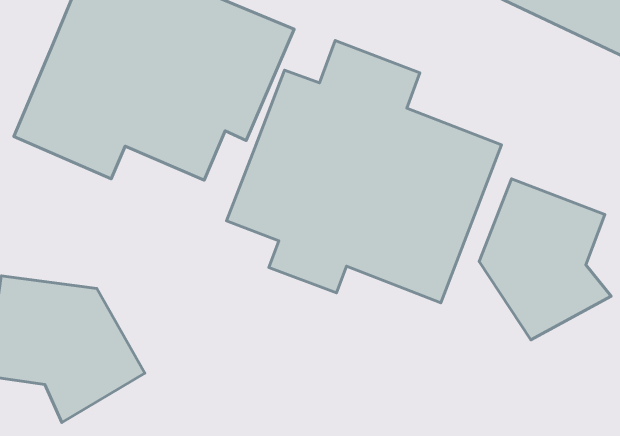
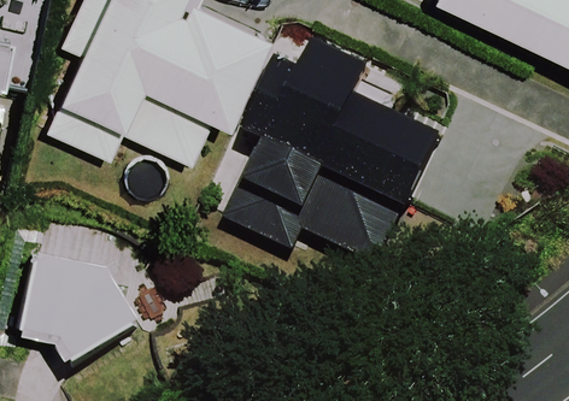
building: [479,179,611,340] -> none

